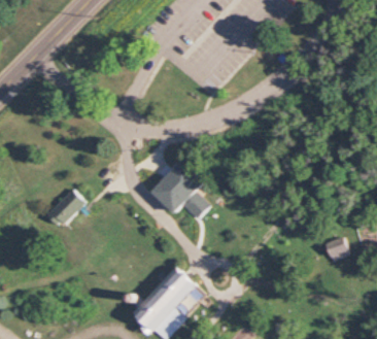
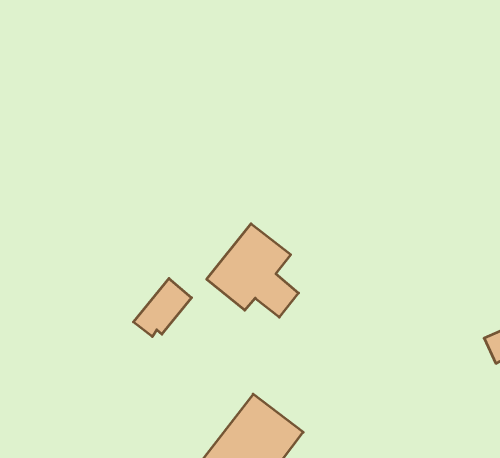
building: [45,190,83,226] -> [133,278,192,337]

